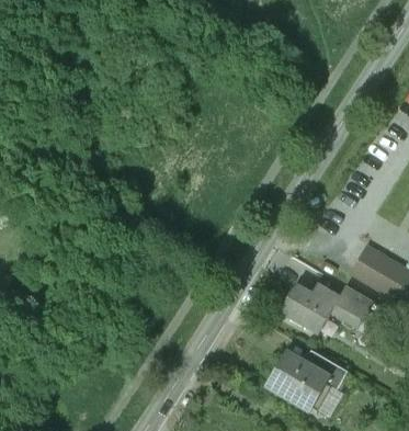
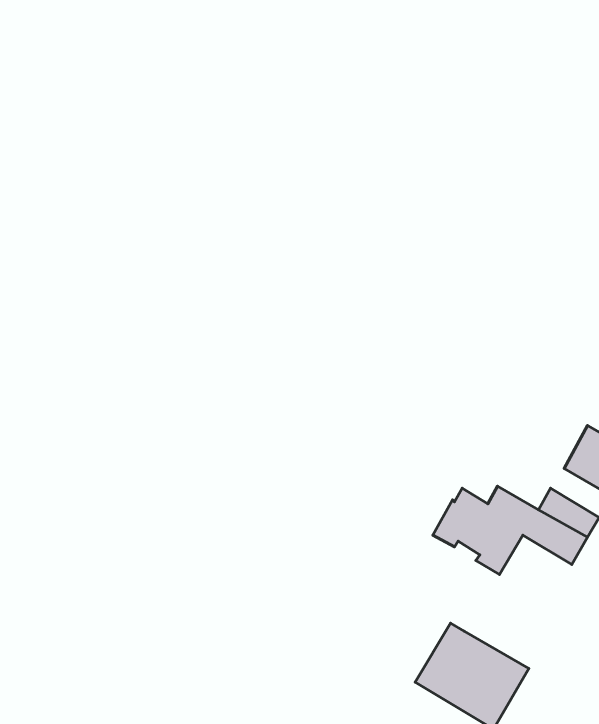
building: [295,352,351,390] -> none

